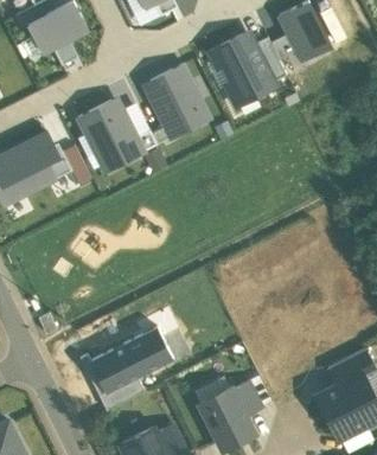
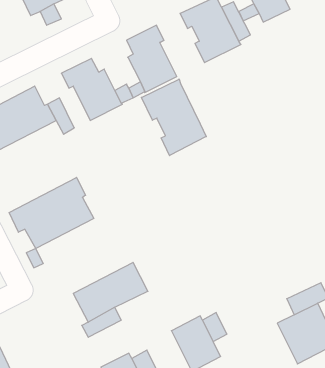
building: none -> [141,79,206,156]
building: none -> [9,177,94,249]

